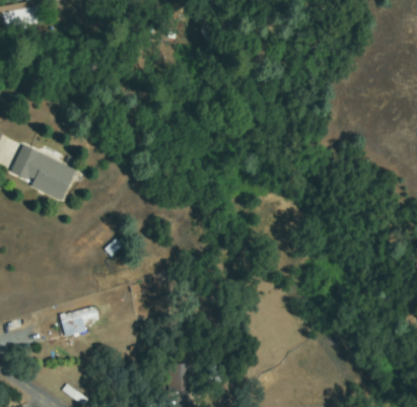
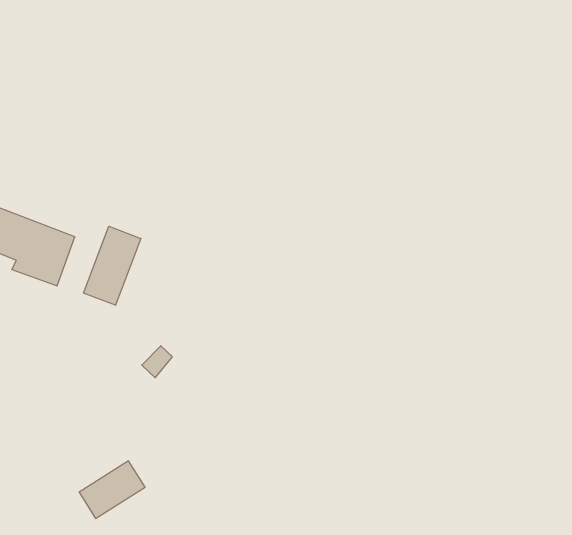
building: none -> [83,226,141,305]

